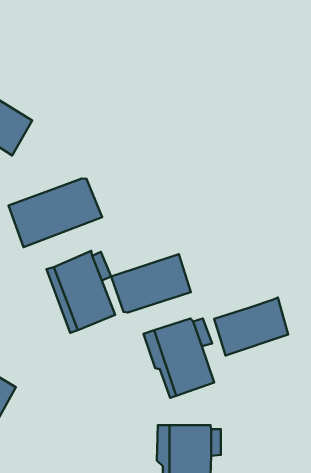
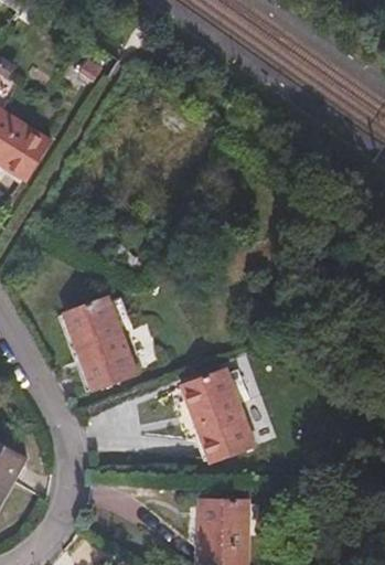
building: [9,178,102,247] -> none
building: [111,254,191,312] -> none
building: [214,297,288,355] -> none

